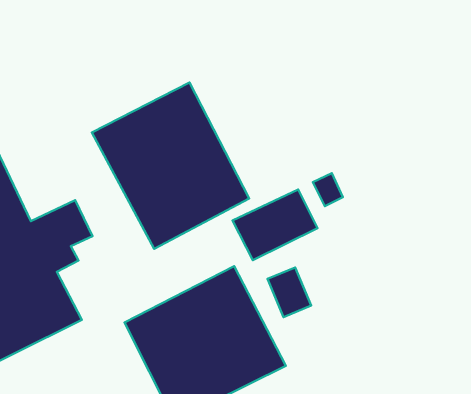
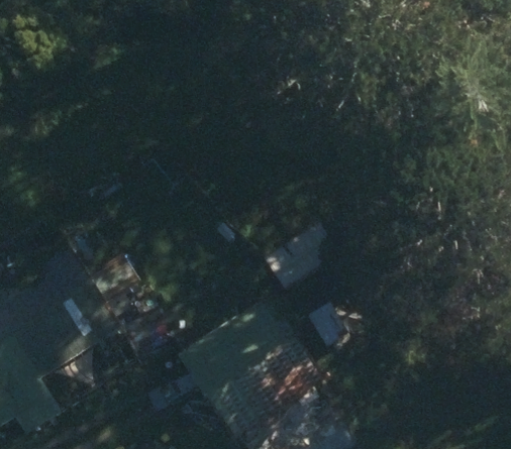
building: [92,83,249,249] -> none

